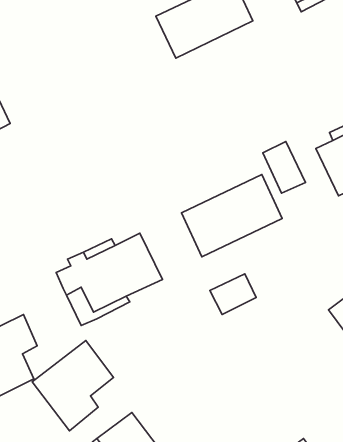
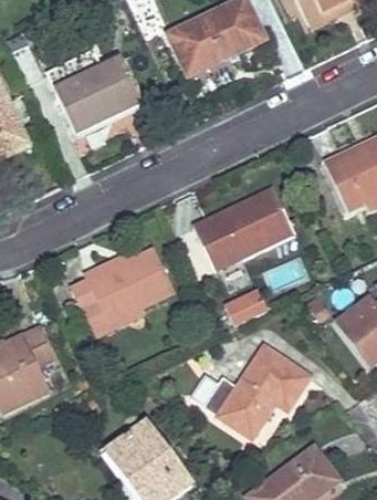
building: none -> [46,51,142,132]
building: [263,141,306,193] -> none
building: none -> [191,345,310,437]
building: [32,340,114,431] -> none

